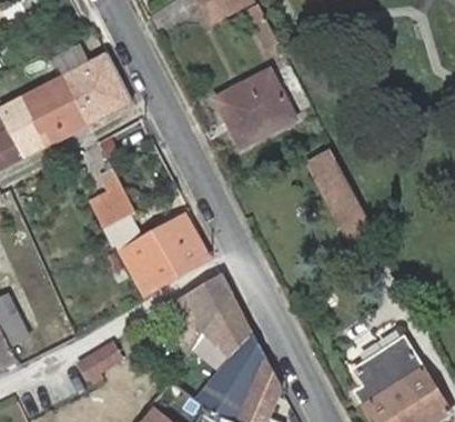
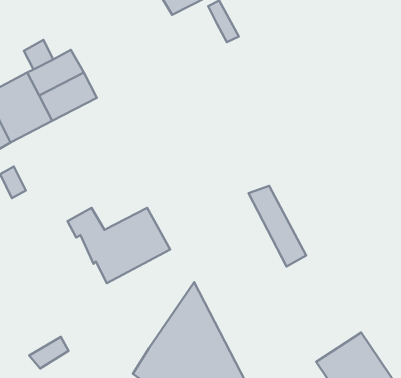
building: [214,70,294,145] -> none
building: [309,153,367,235] -> [248,186,306,266]
building: [90,171,136,228] -> none
building: [175,275,231,356] -> none

